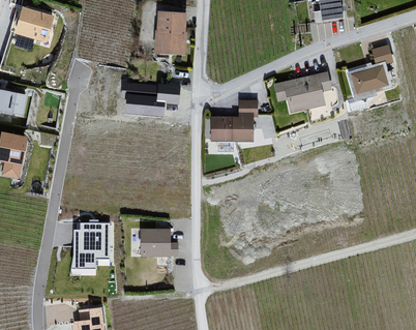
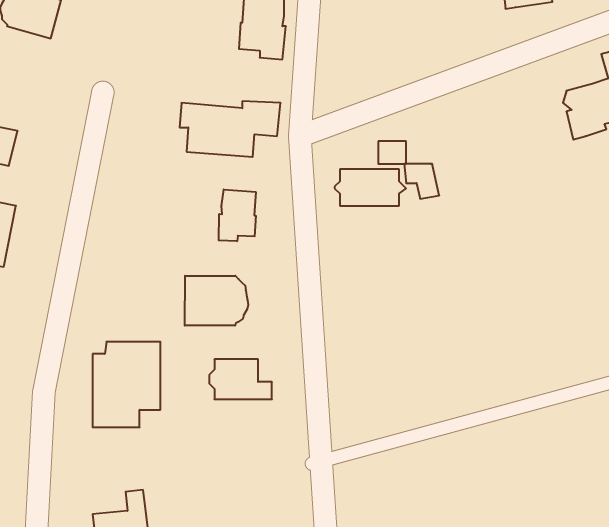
building: [285,72,330,111] -> none
building: none -> [219,189,256,241]
building: none -> [185,276,248,326]

